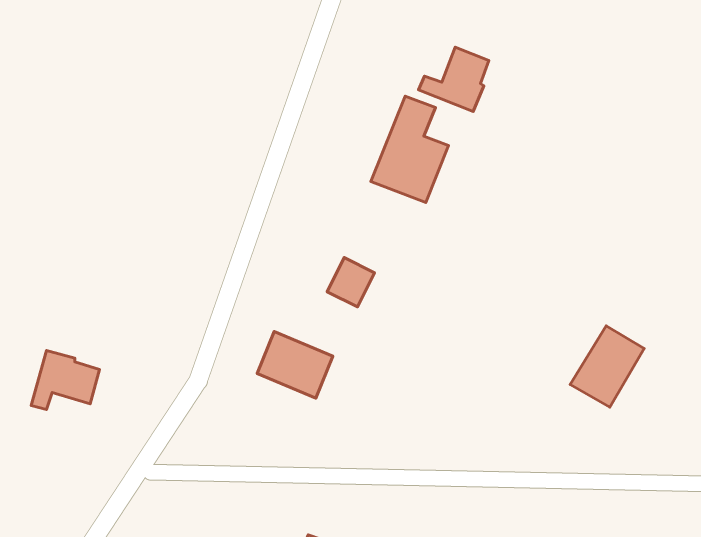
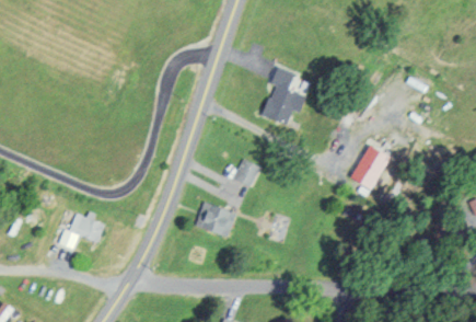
building: [419,47,489,112] -> none
building: [570,326,644,407] -> [349,143,392,191]

